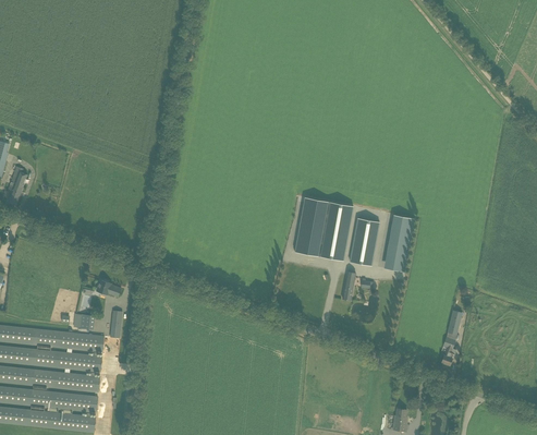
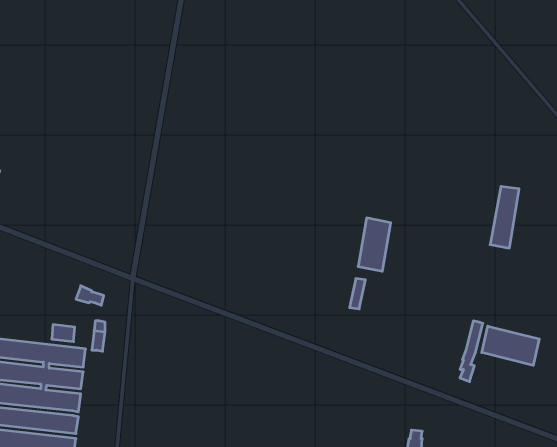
building: [294,197,352,261] -> none
building: [387,216,413,271] -> [490,186,519,248]
building: none -> [482,326,539,365]

